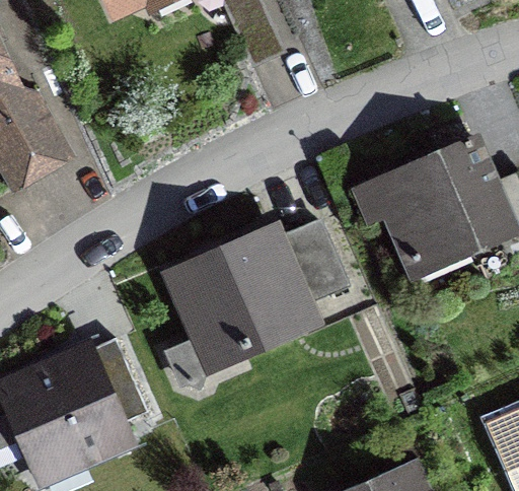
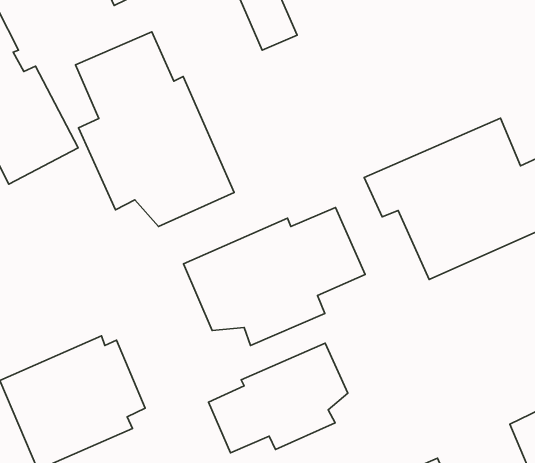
building: none -> [76,32,234,226]
building: none -> [208,343,348,453]

